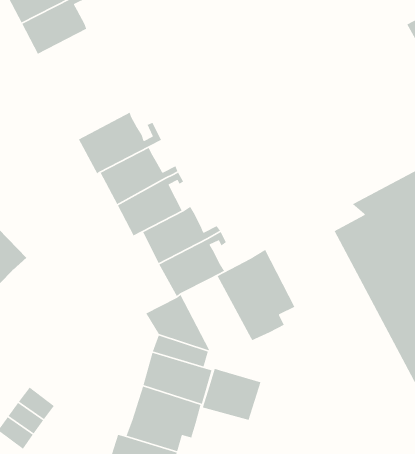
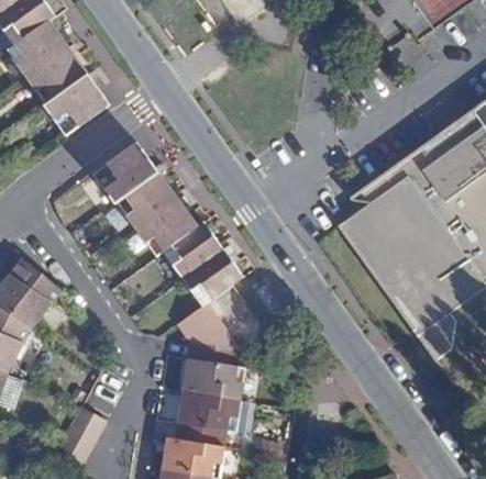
building: none -> [43,66,109,135]
building: [217,249,296,343] -> none
building: [202,368,261,421] -> none

